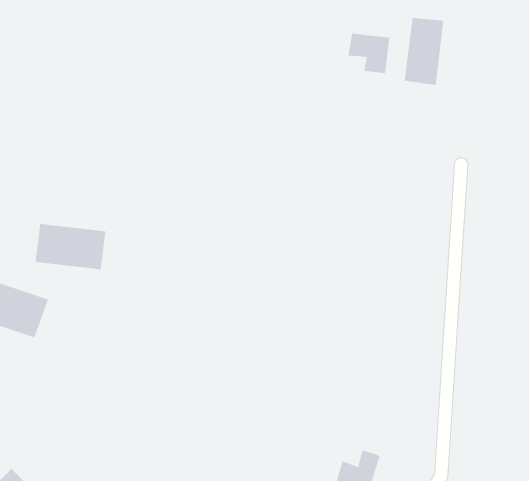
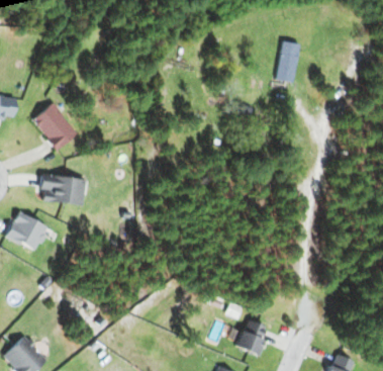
building: [348,33,390,74] -> none
building: none -> [34,102,80,151]

